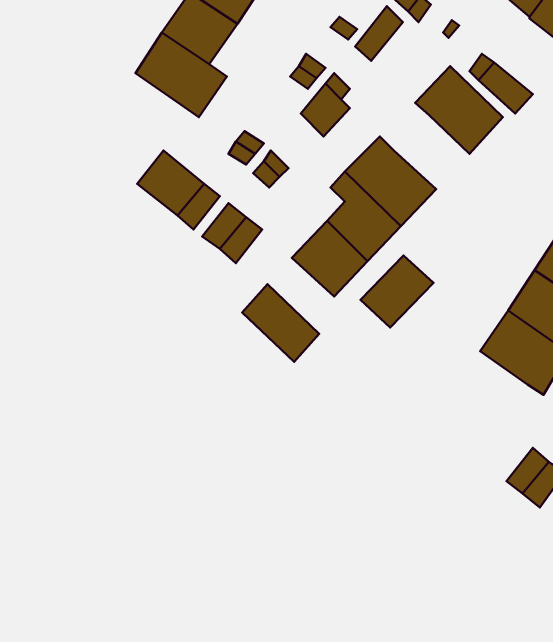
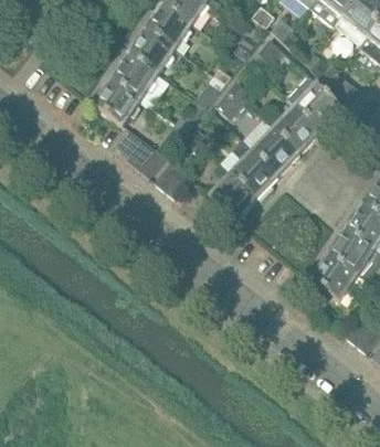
building: none -> [94,76,140,123]
building: none -> [274,103,321,149]
building: [360,255,433,327] -> none
building: [242,284,319,362] -> none
building: none -> [310,251,358,297]

